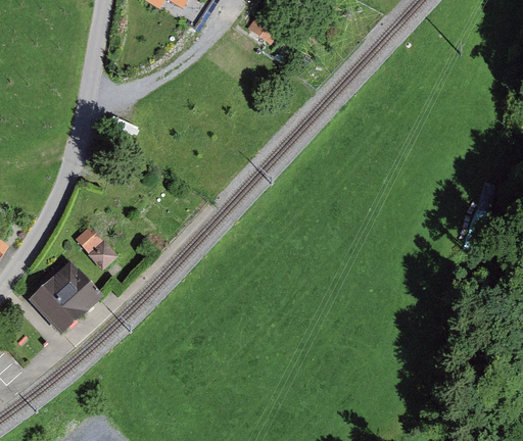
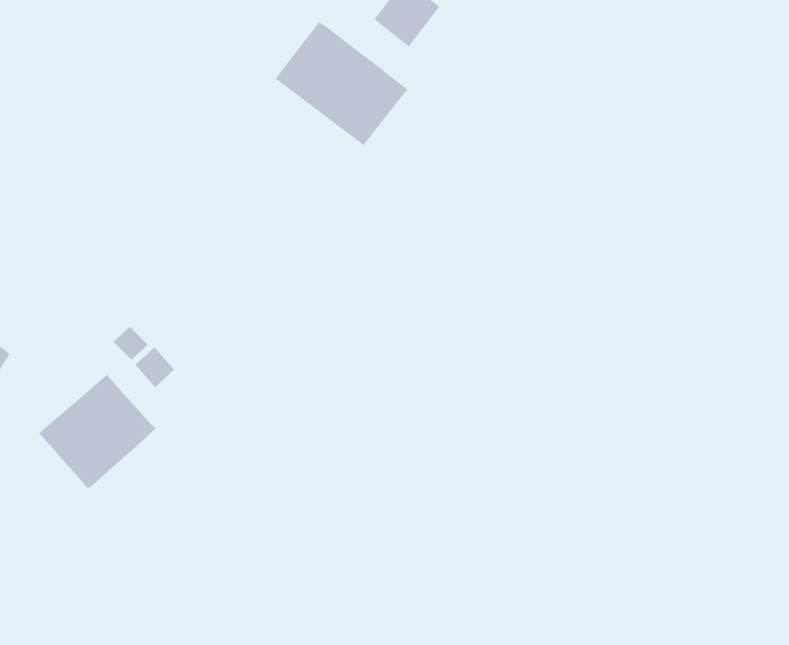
building: none -> [275,21,408,146]

